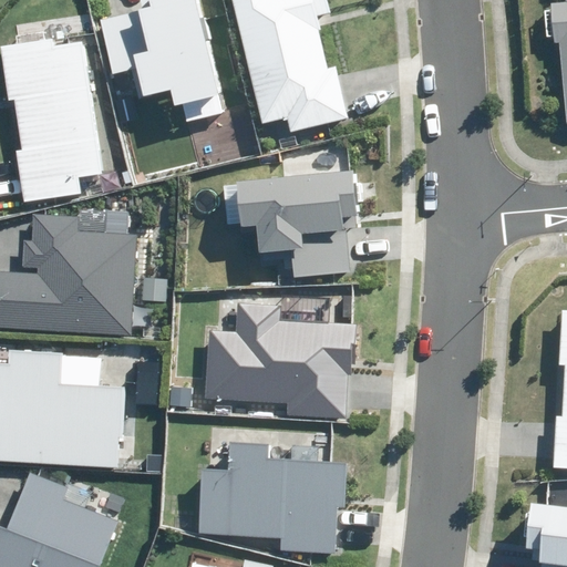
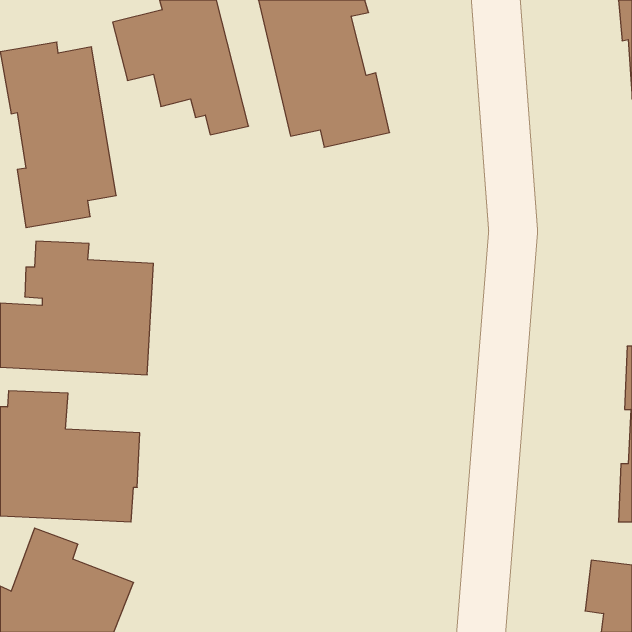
building: [236,169,358,278] -> none
building: [206,305,357,420] -> none
building: [197,443,347,553] -> none

